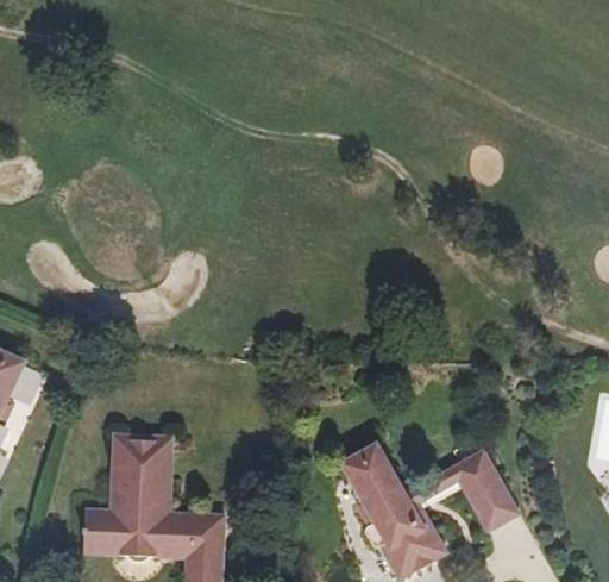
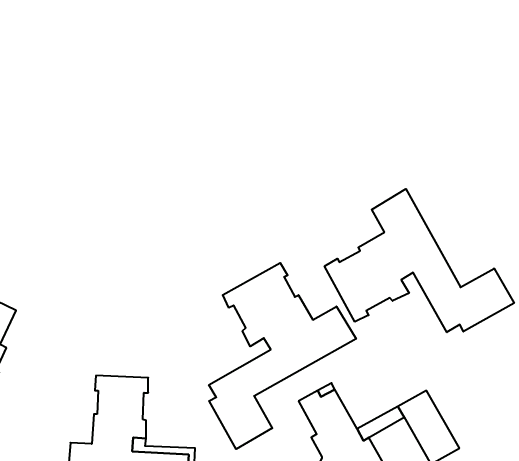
building: none -> [325,189,514,332]
building: none -> [209,263,356,449]

